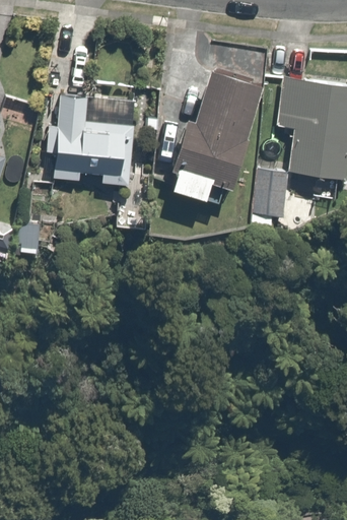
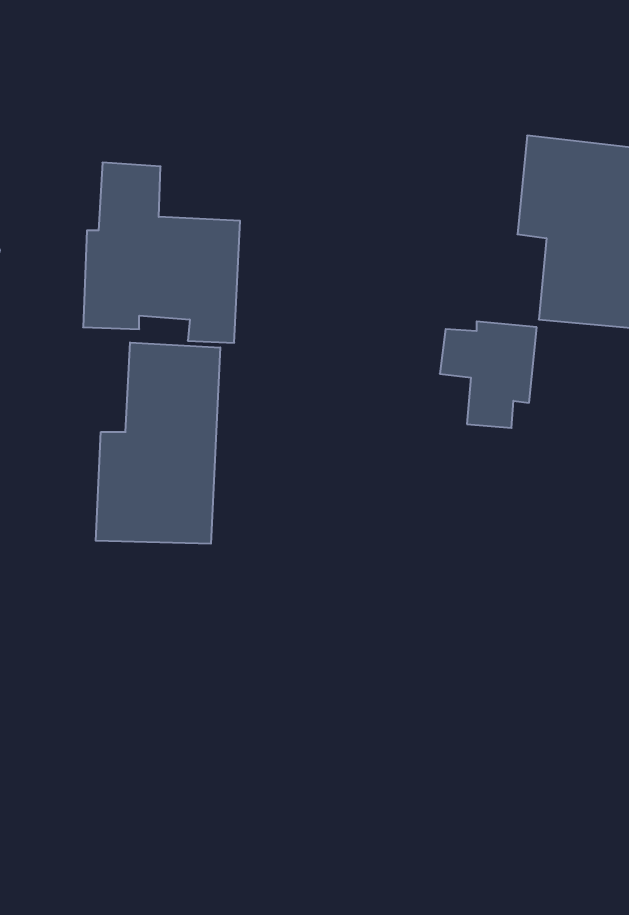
building: [166,67,257,204] -> none
building: none -> [96,342,220,544]

